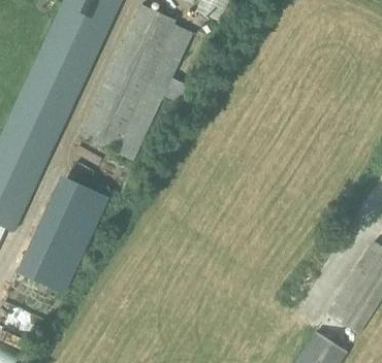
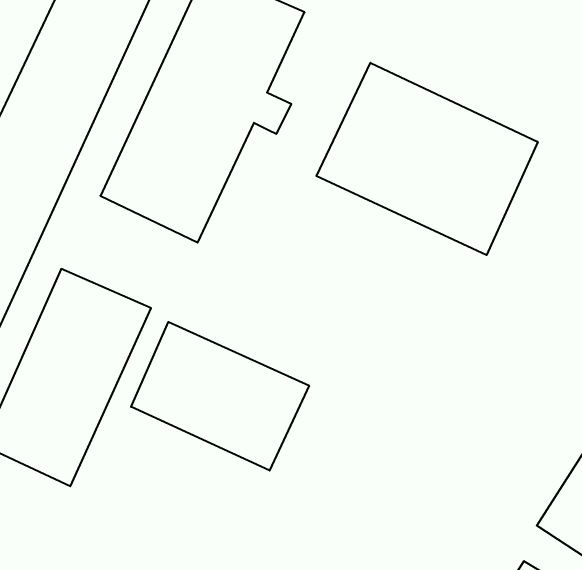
building: none -> [316,63,538,255]
building: none -> [131,322,309,471]

